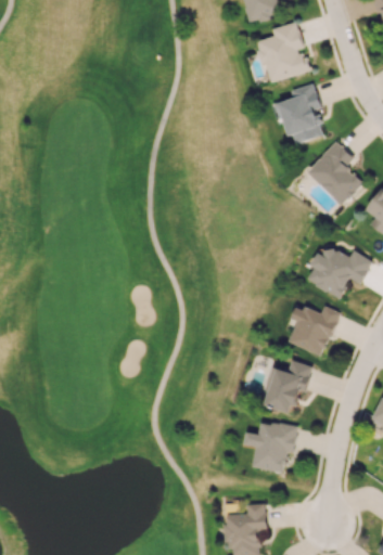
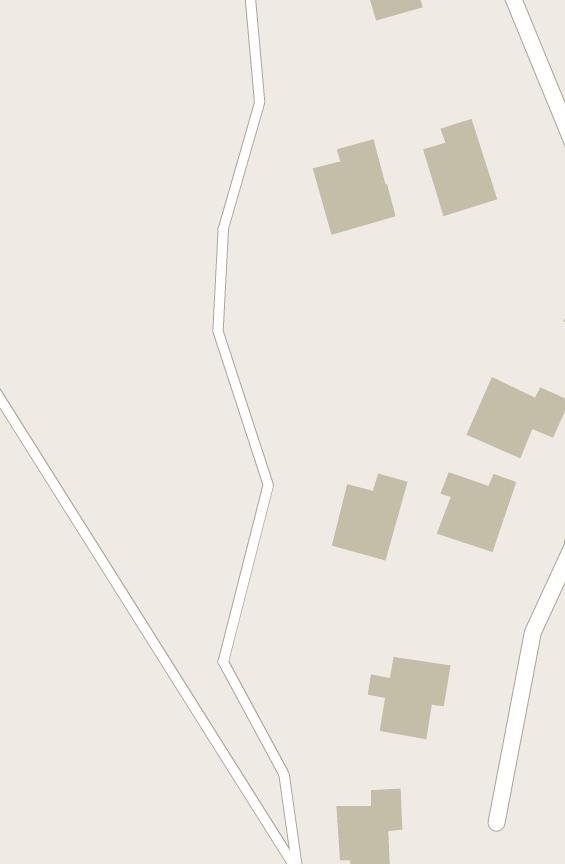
building: [257,22,310,82] -> [312,139,396,236]
building: [306,141,362,205] -> none
building: [261,360,310,415] -> [331,473,409,561]

